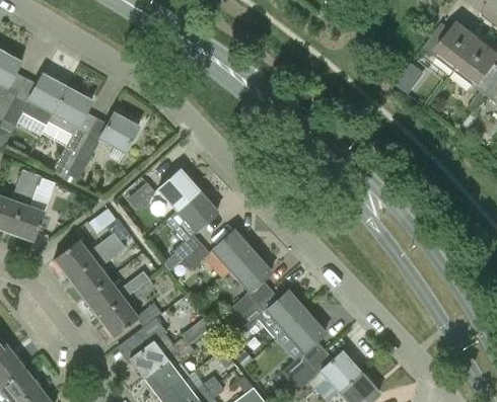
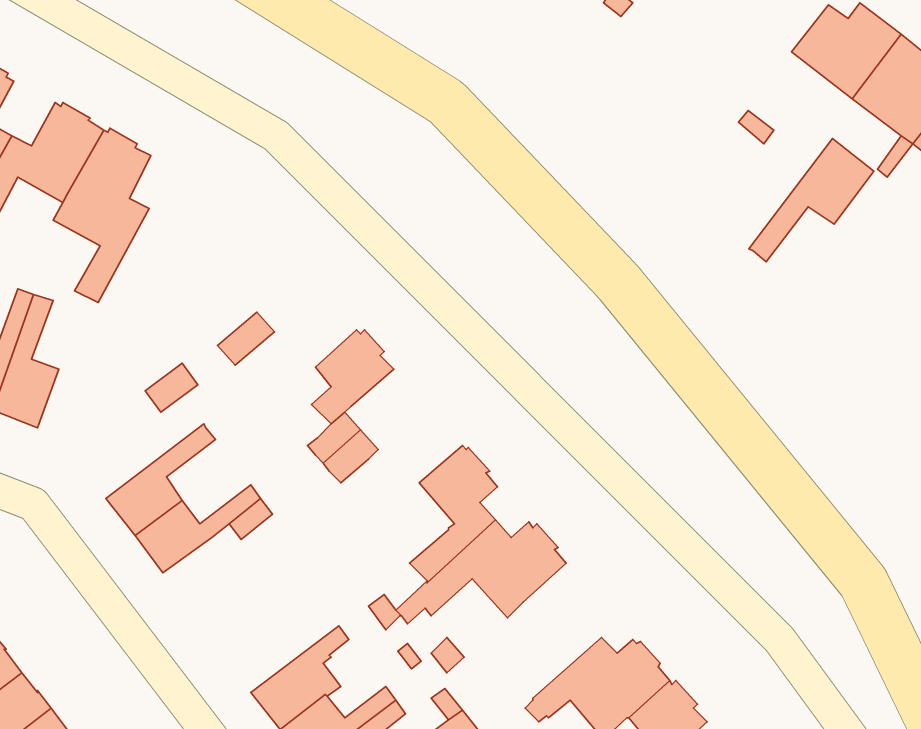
building: none -> [749,139,874,262]
building: [64,111,138,181] -> none
building: [157,170,198,211] -> none
building: [53,227,129,278] -> none
building: [211,230,253,270] -> none
building: [97,299,138,337] -> none
building: [280,312,325,382] -> none
building: [128,317,189,379] -> none

